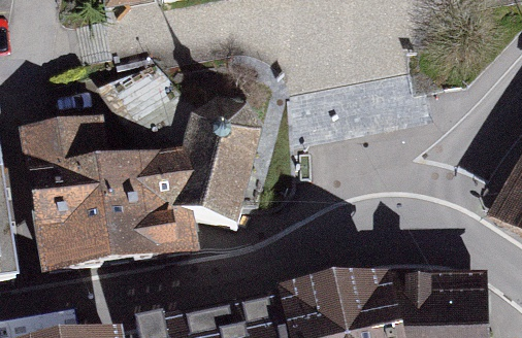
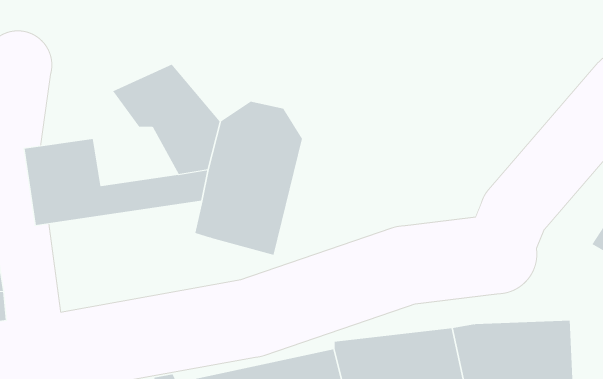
building: [36,174,187,261] -> none

